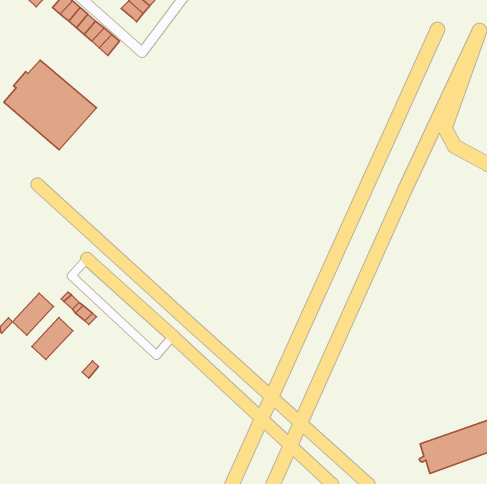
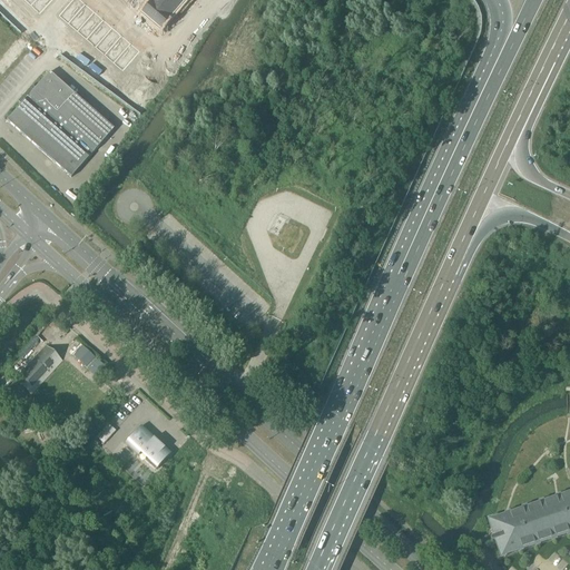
building: [32,317,73,360] -> none
building: none -> [125,423,170,468]

